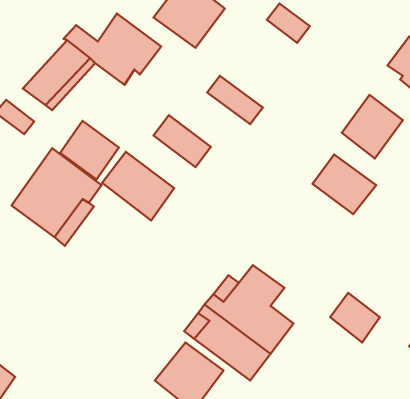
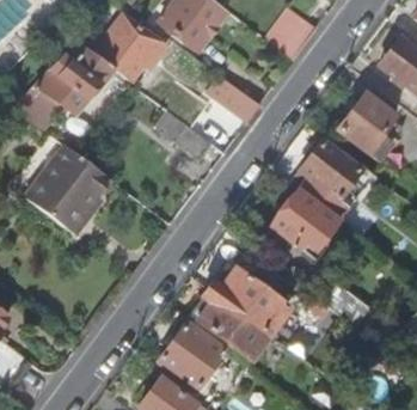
building: [60,121,119,179] -> none
building: [102,152,174,220] -> none
building: none -> [270,195,332,250]

